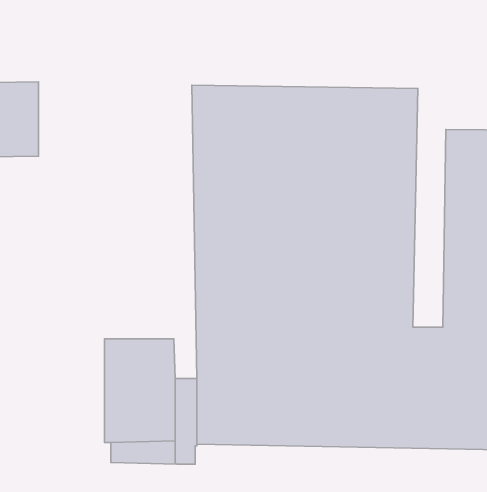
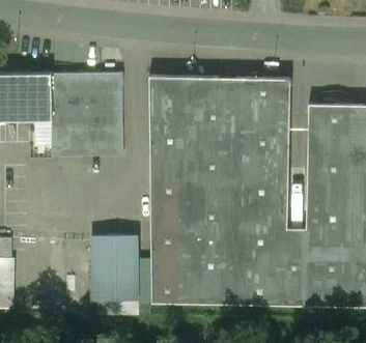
building: none -> [52,74,123,156]

